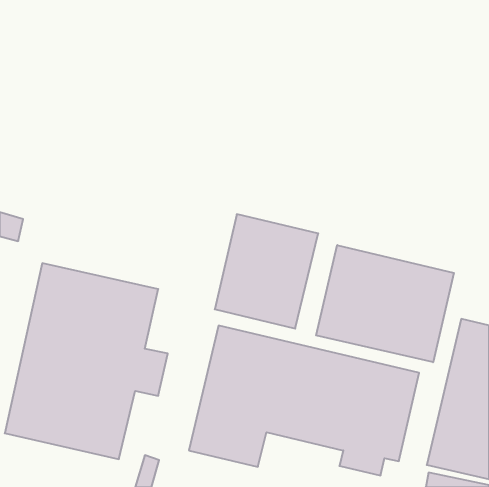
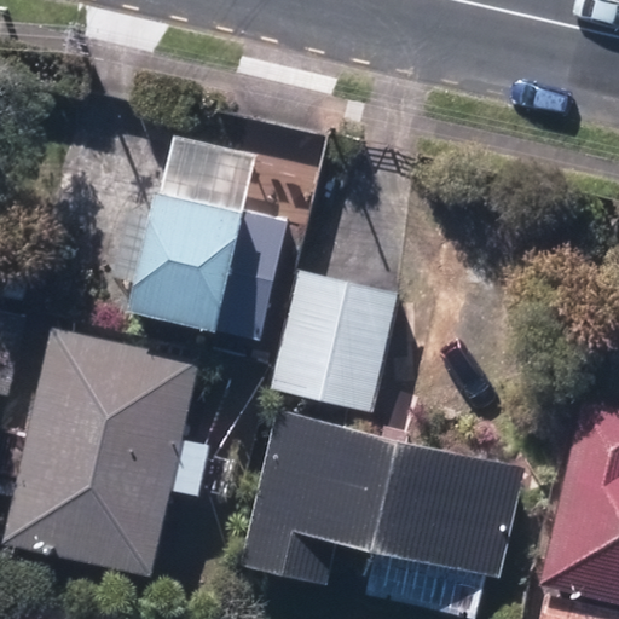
building: none -> [112,138,289,342]
building: [316,245,454,362] -> none

